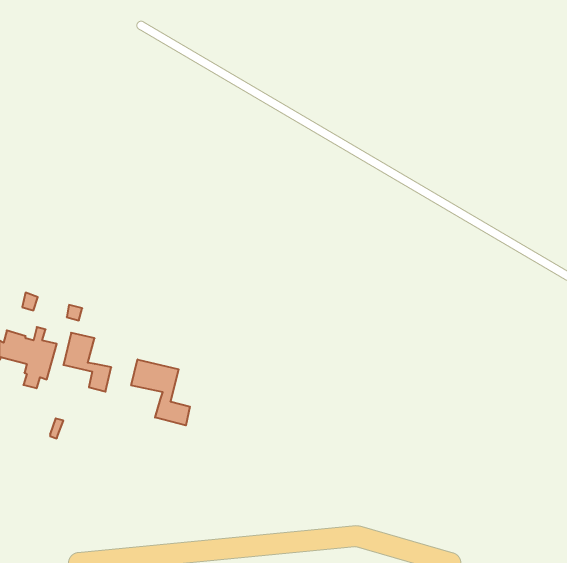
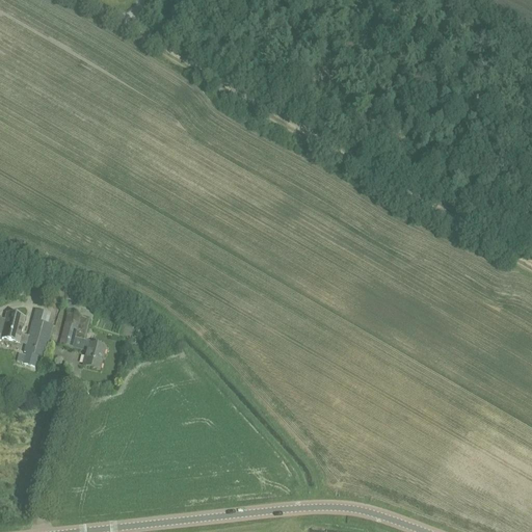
building: [131,359,190,425] -> none

